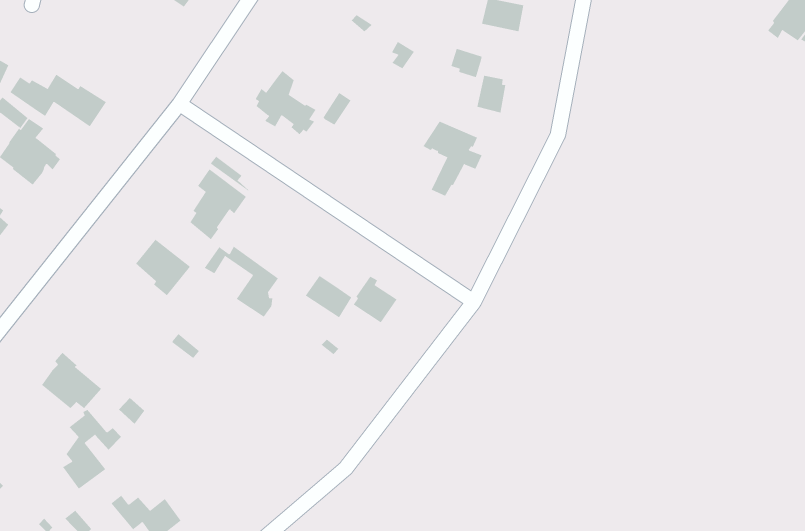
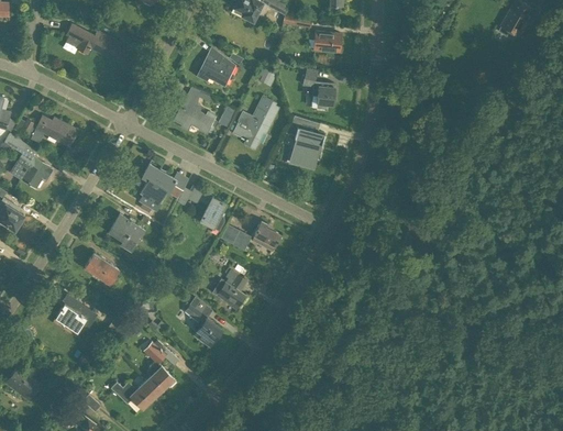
building: none -> [197,51,234,86]
building: none -> [233,97,278,147]
building: [204,246,279,317] -> [176,186,225,230]
building: none -> [85,253,118,283]
building: none -> [217,269,247,309]
building: none -> [184,297,222,346]
building: [62,409,122,490] -> [145,341,181,394]

